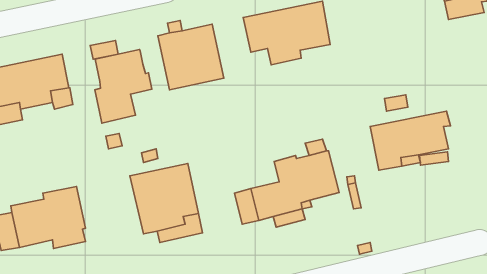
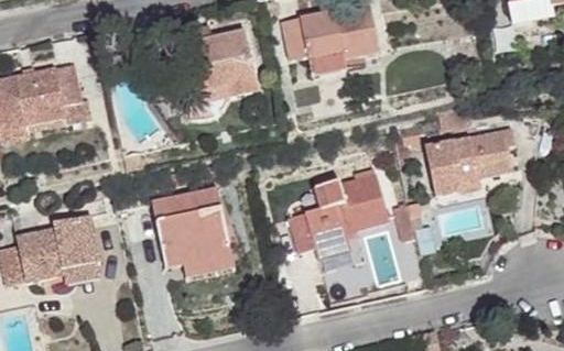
building: [95,49,152,123] -> none

